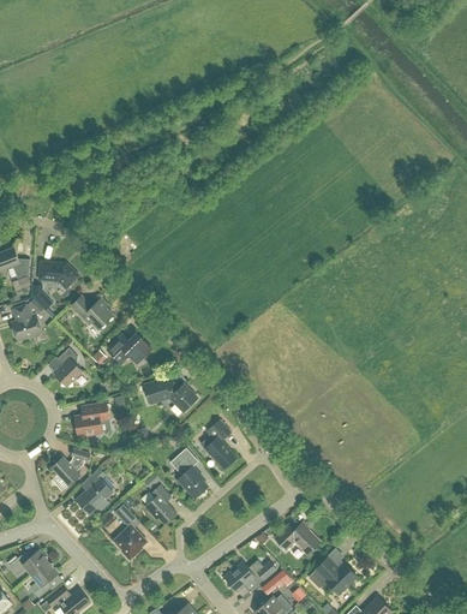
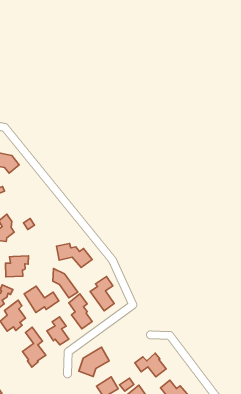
building: [70,296,113,329] -> none
building: [106,333,151,363] -> none
building: none -> [53,268,78,298]
building: none -> [24,286,59,312]
building: none -> [79,347,109,376]

